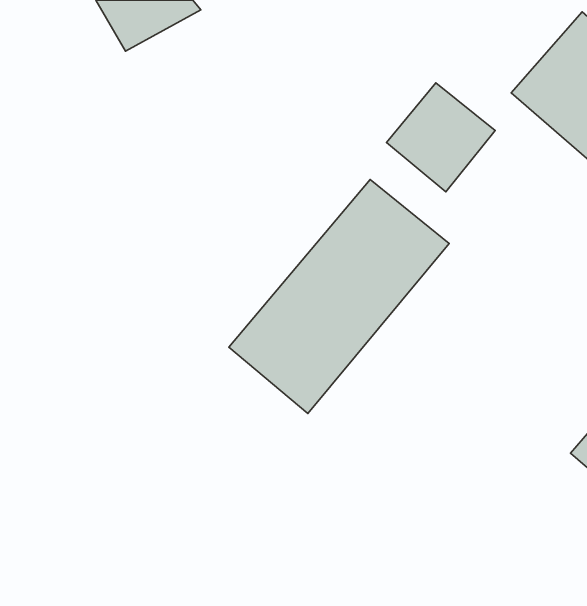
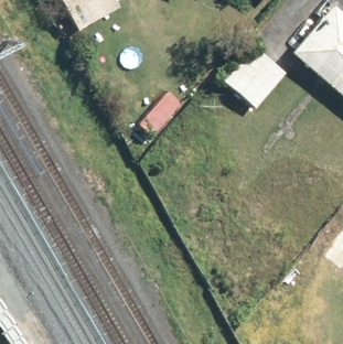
building: [229,180,449,413] -> none

